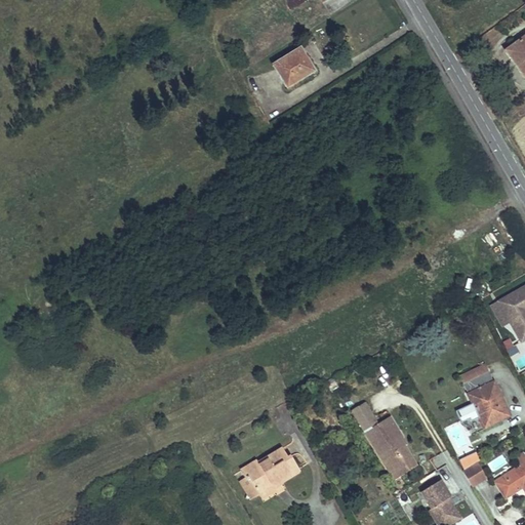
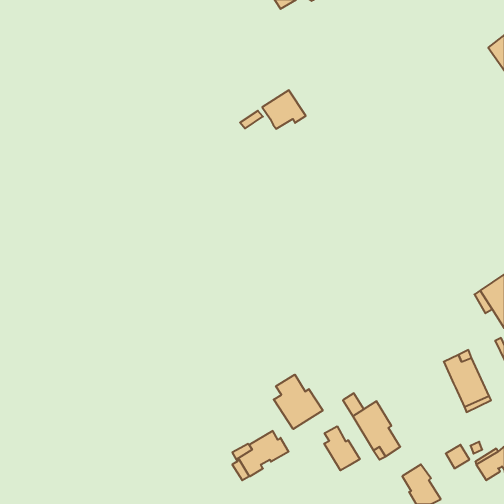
building: [274,47,319,87] -> [262,90,306,129]
building: none -> [274,375,323,429]
building: none -> [324,426,360,470]

